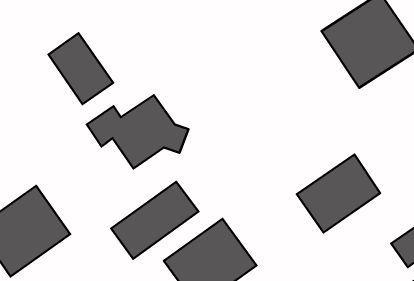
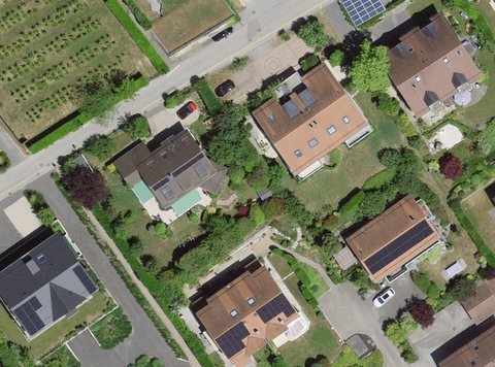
building: [48,33,113,104] -> none
building: none -> [254,63,369,175]
building: [111,182,199,259] -> none

